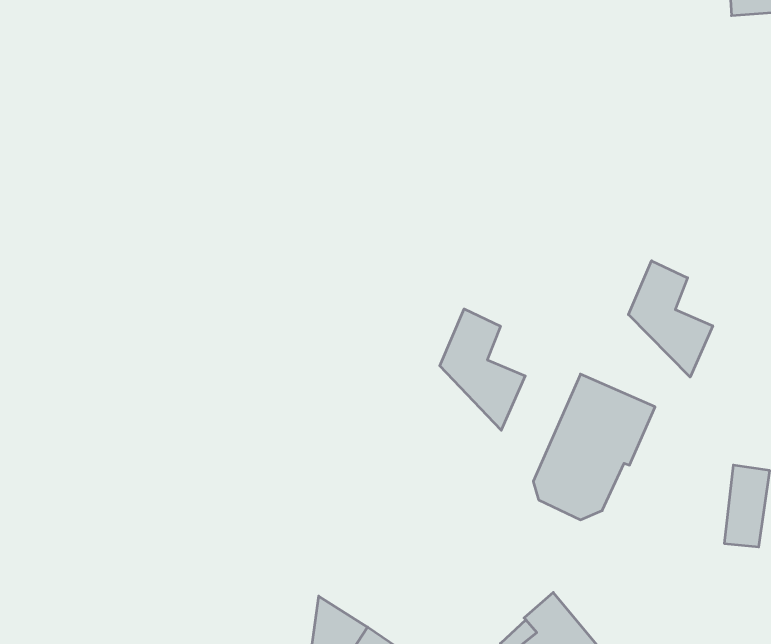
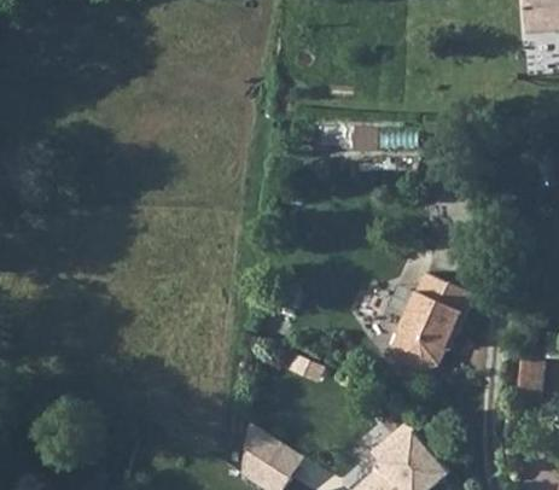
building: [628,261,713,377] -> none
building: [440,309,525,430] -> none

